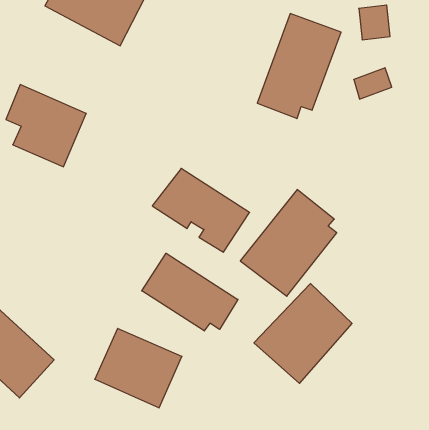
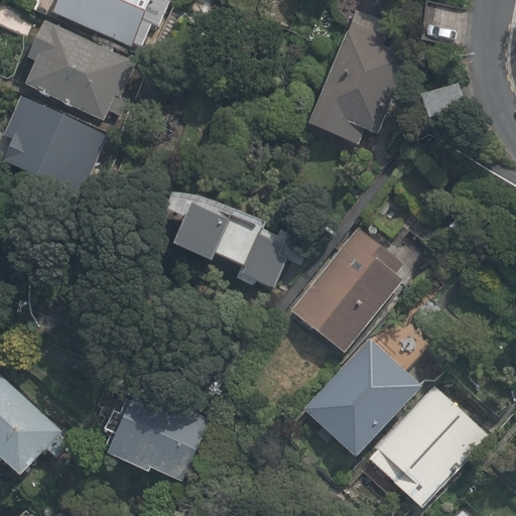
building: none -> [33,19,140,130]
building: [142,253,238,331] -> none
building: none -> [367,386,486,506]

